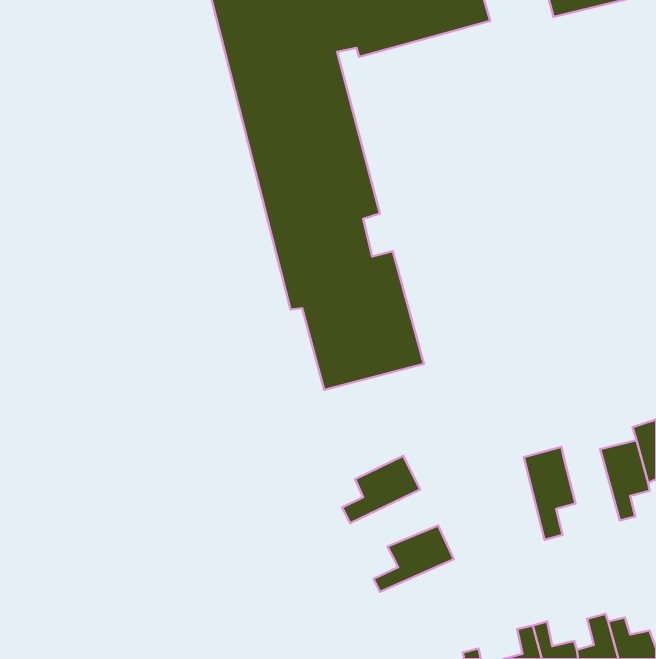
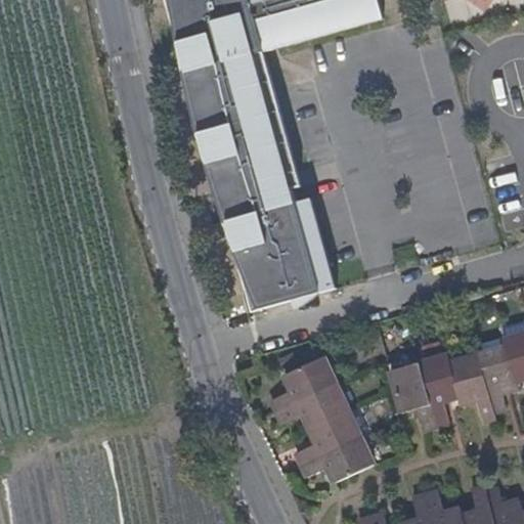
building: none -> [445,355,491,421]
building: none -> [386,361,430,431]
building: none -> [276,387,346,432]
building: none -> [300,442,372,485]

